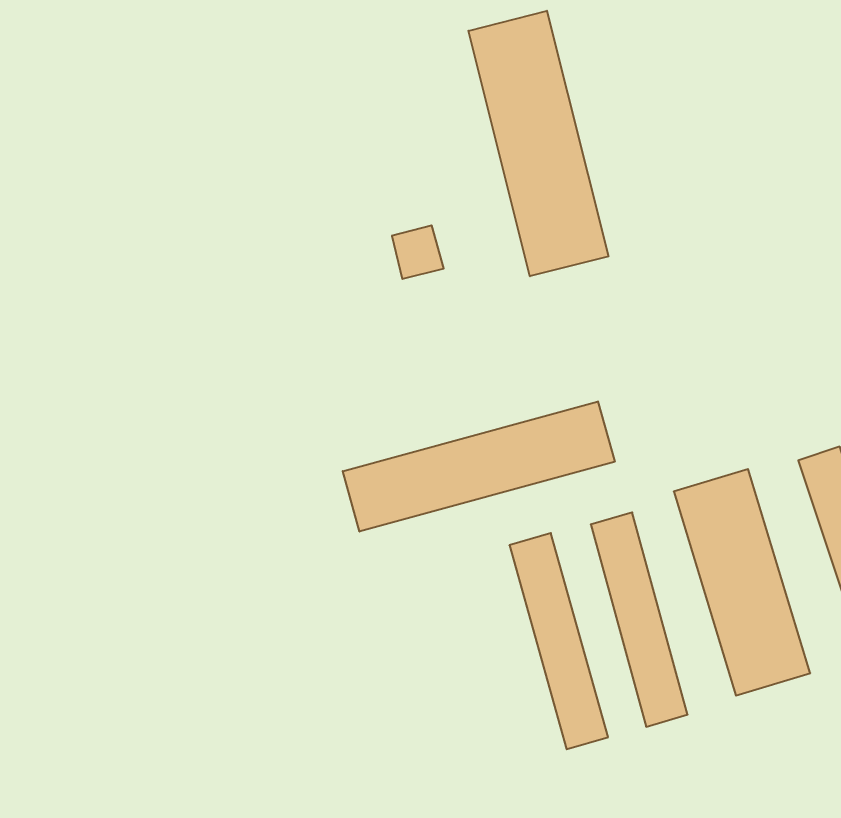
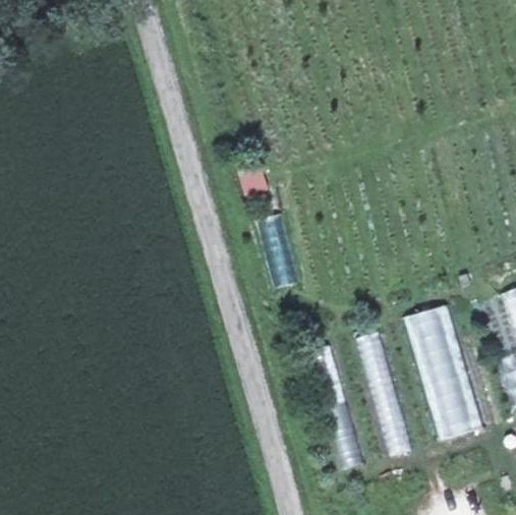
building: [468,11,608,276] -> none
building: [343,401,615,532] -> none

